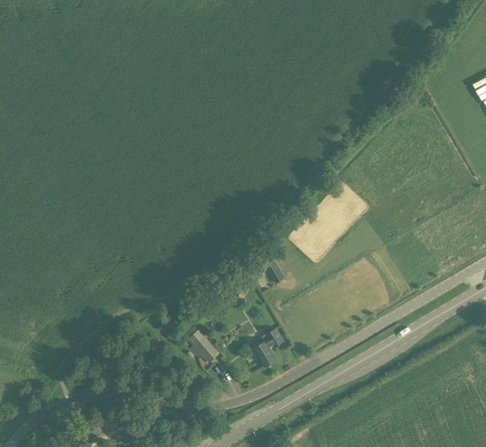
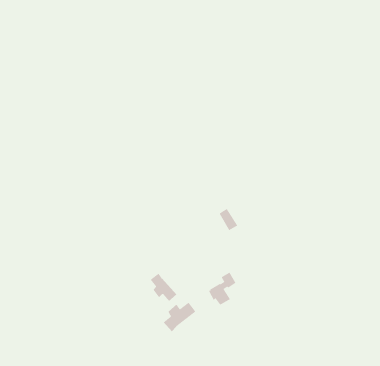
building: none -> [163,302,196,332]

